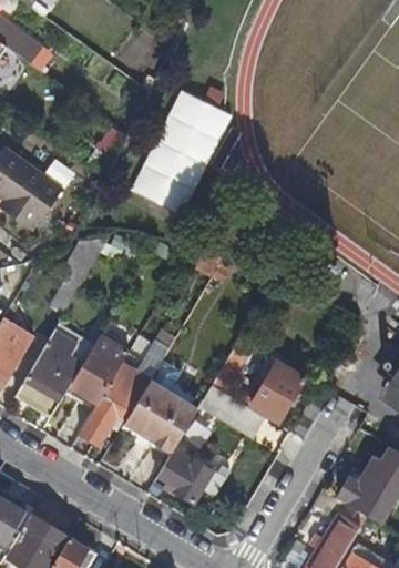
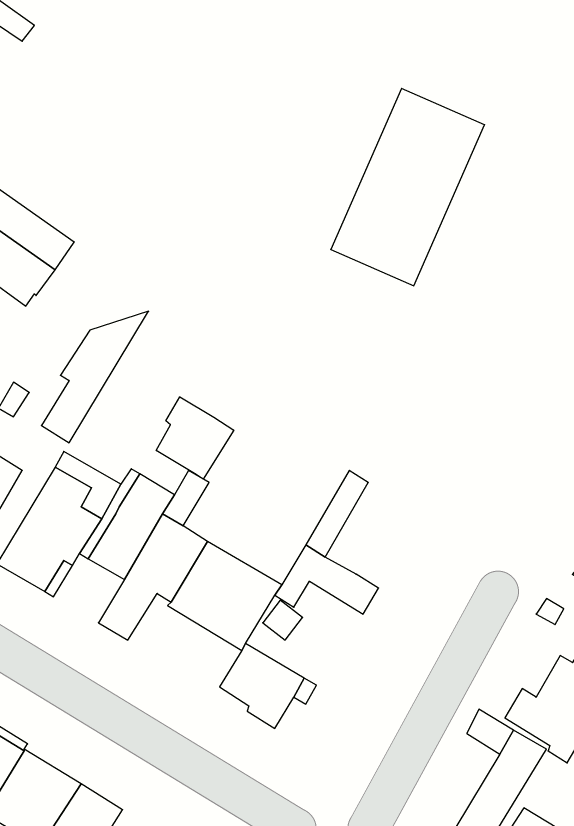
building: [132,88,231,214] -> [331,88,485,286]
building: none -> [156,397,234,479]
building: [242,359,305,420] -> none

